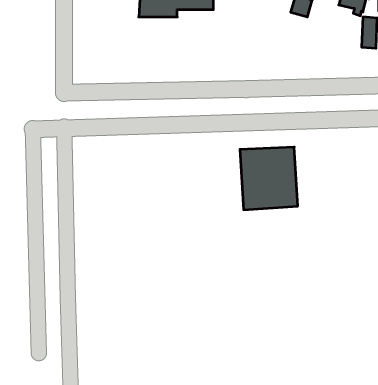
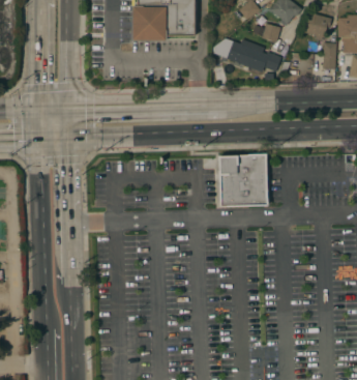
building: none -> [227,39,281,72]

